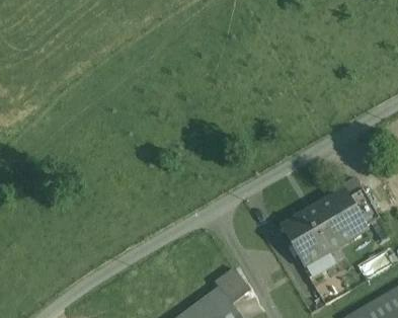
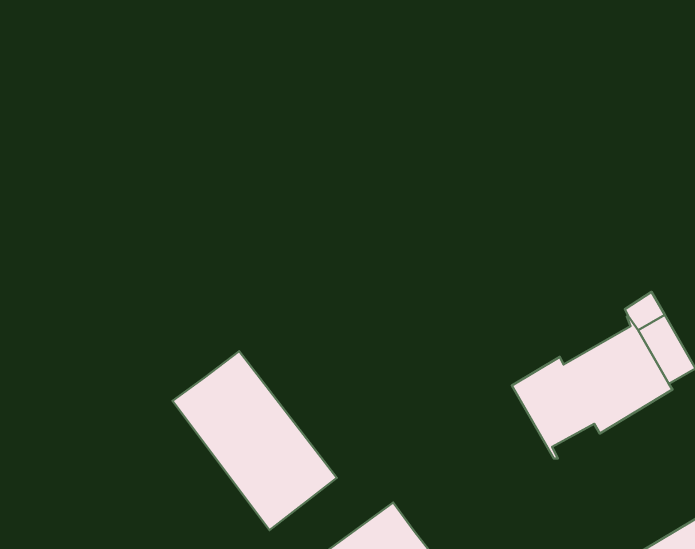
building: none -> [173,351,337,530]
building: [214,268,249,304] -> none

